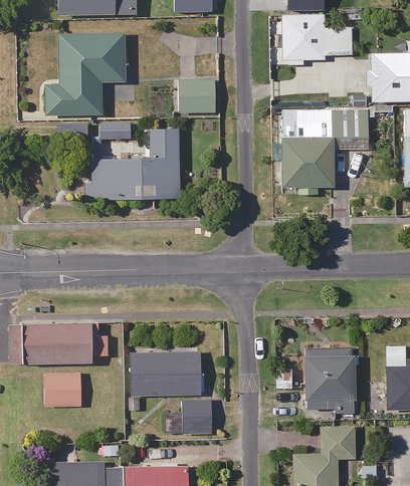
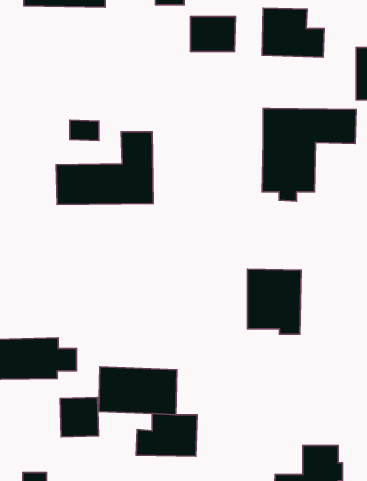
building: [46,35,125,114] -> none
building: [176,79,218,112] -> [191,16,235,52]
building: [304,350,355,412] -> [248,269,301,334]
building: [45,369,81,406] -> [60,397,99,437]

